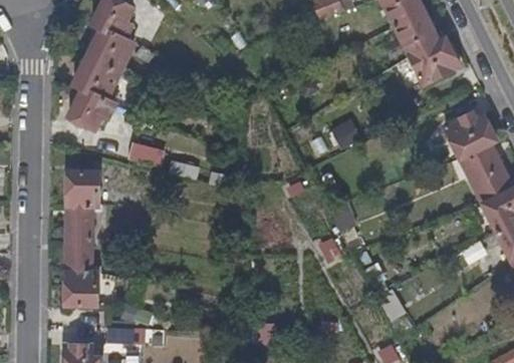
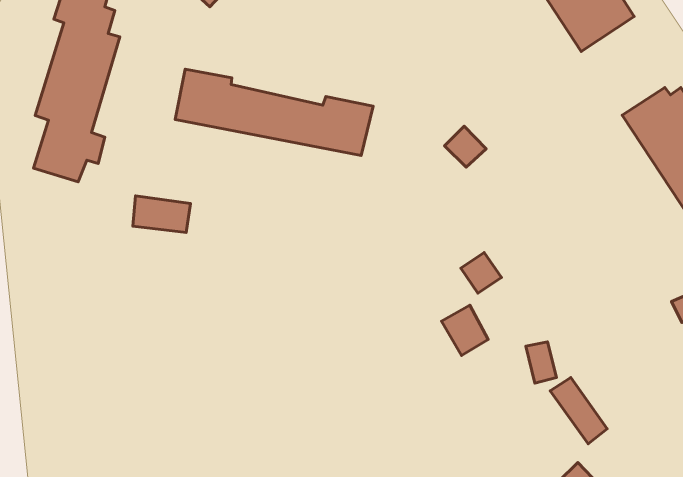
building: none -> [175,69,373,156]
building: [65,171,99,305] -> none

